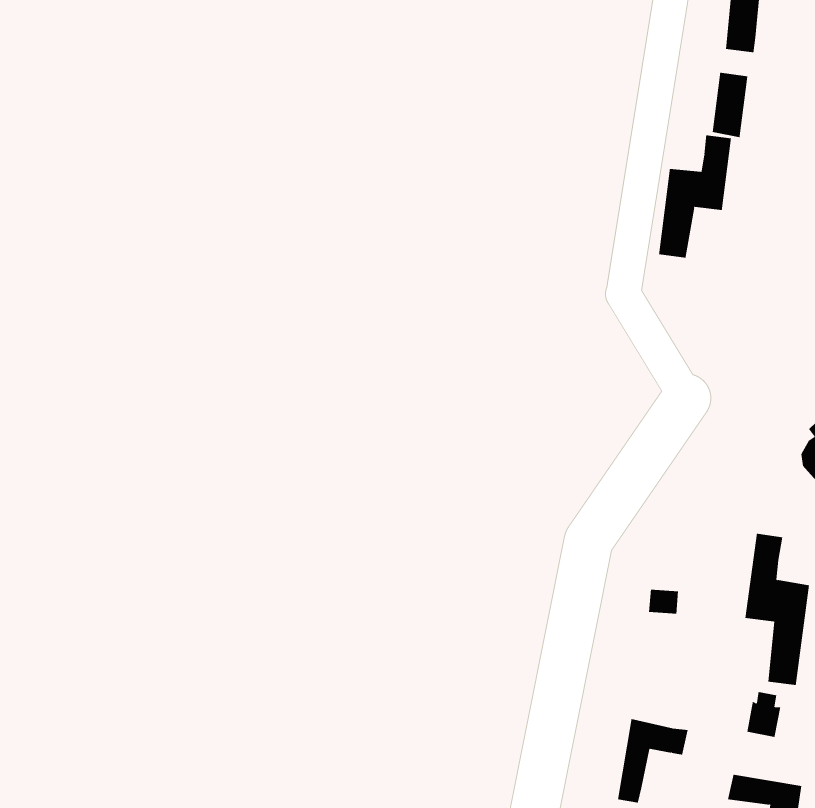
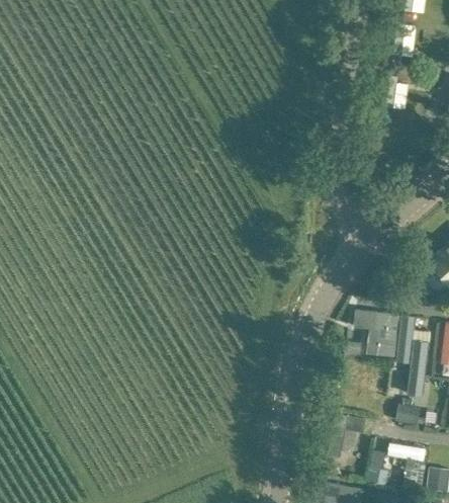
building: [659,135,731,258] -> none
building: none -> [354,311,396,357]

